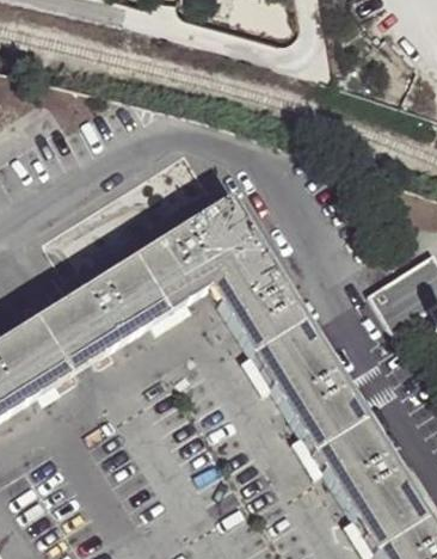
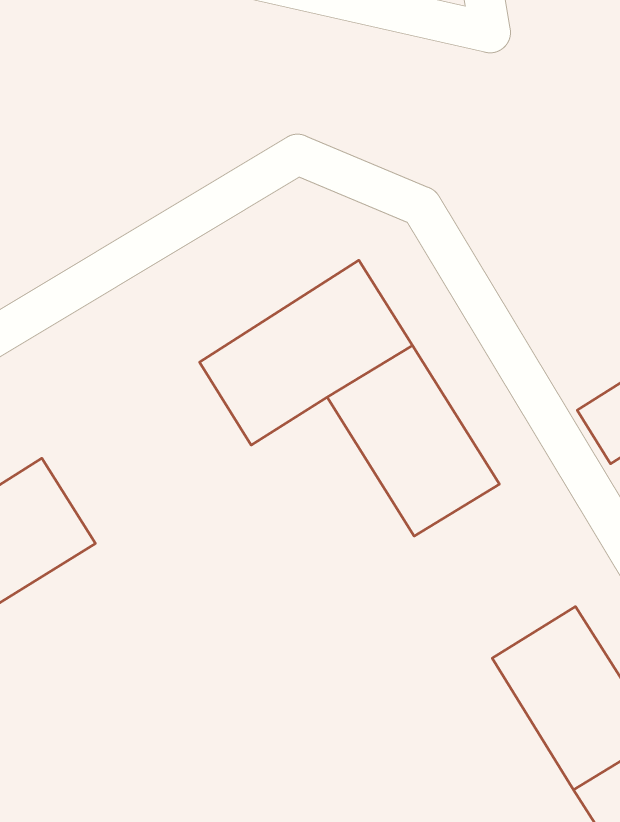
building: [27,258,162,375] -> none
building: [267,337,371,449] -> none

